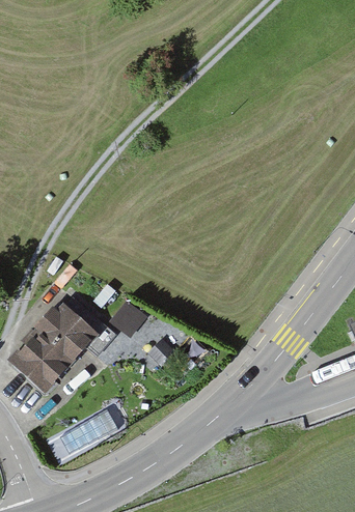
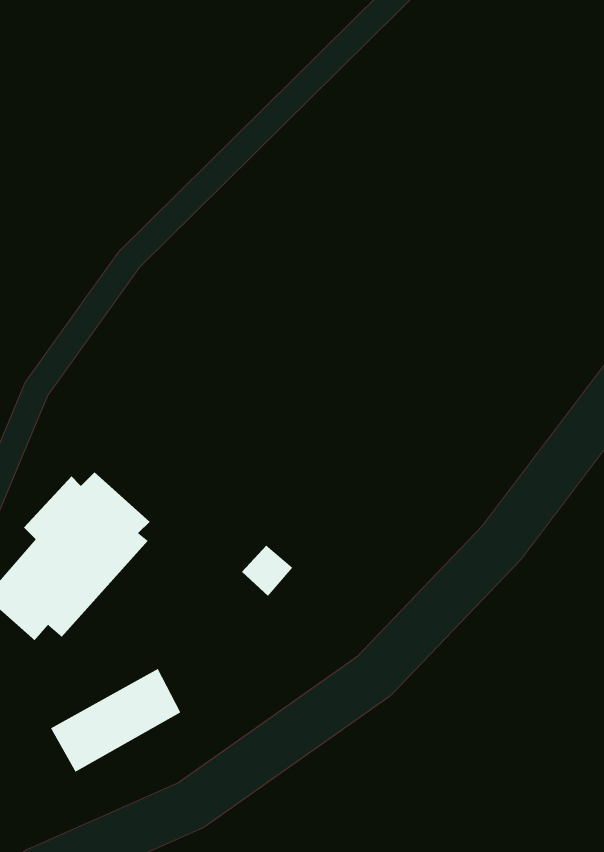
building: [106,300,147,341] -> none

